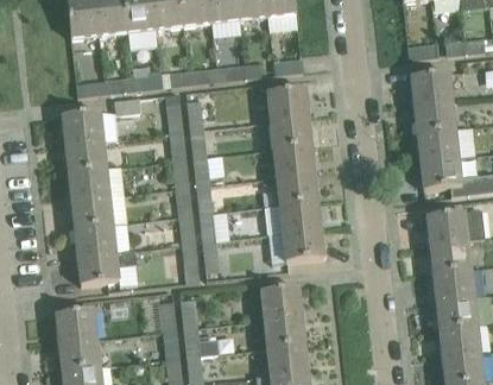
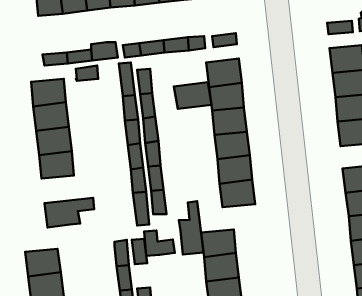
building: none -> [174,82,212,109]
building: [74,223,134,255] -> none
building: none -> [179,201,204,255]
building: [183,326,219,355] -> [144,230,175,256]

